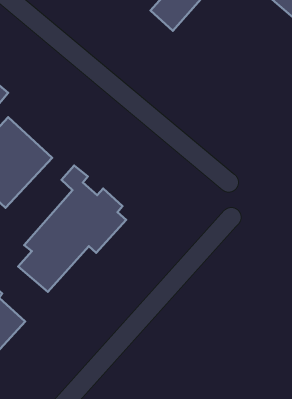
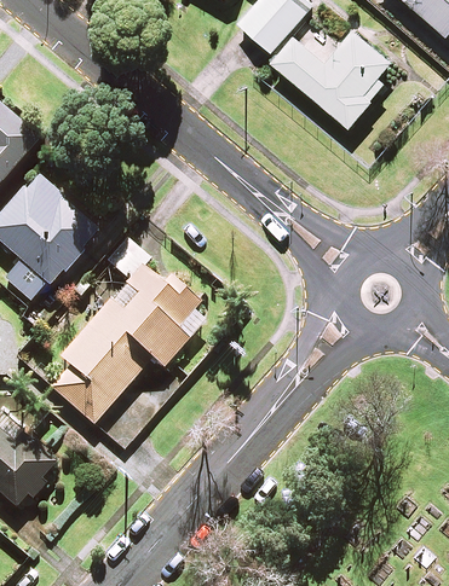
building: none -> [272,29,391,126]

